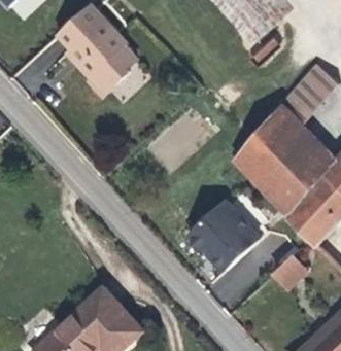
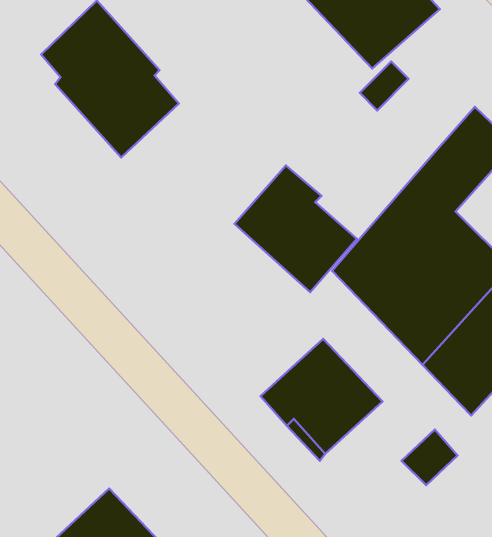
building: none -> [235,165,357,292]

